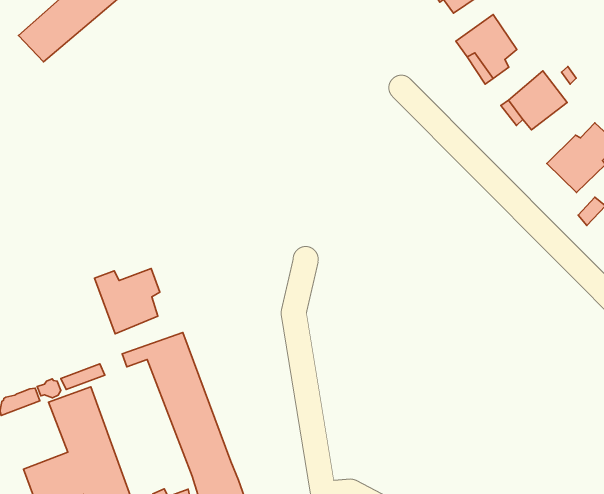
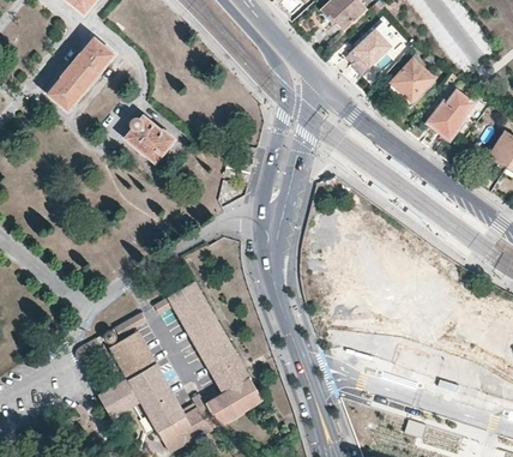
building: none -> [125,119,176,164]
building: [94,269,160,334] -> none

